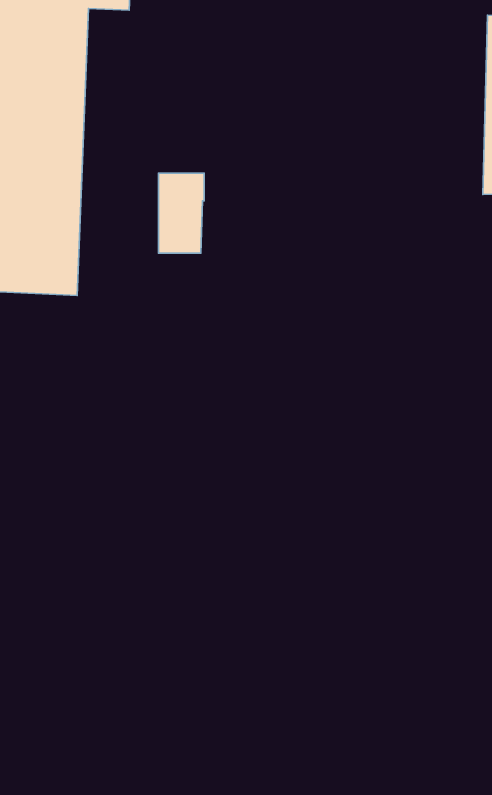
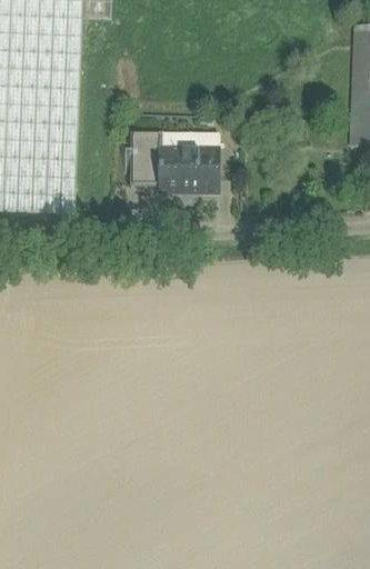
building: none -> [158,131,217,190]

